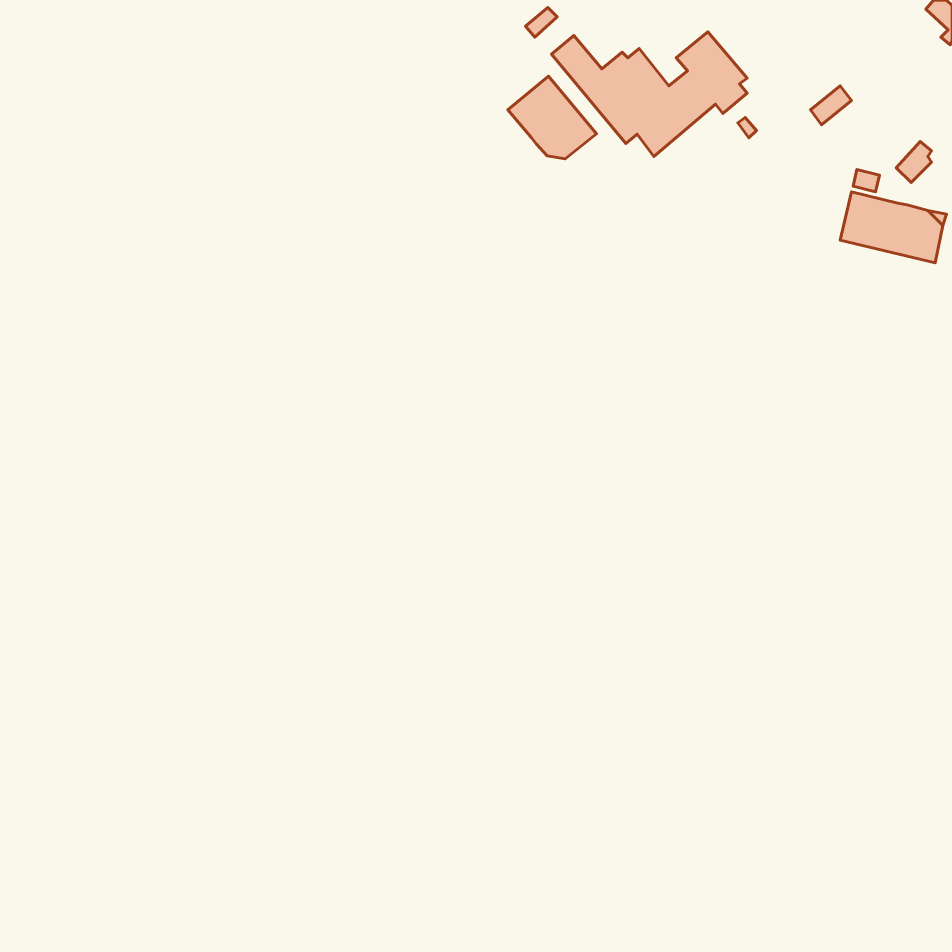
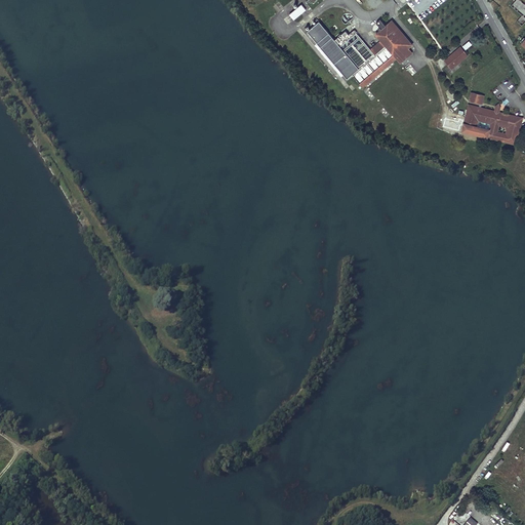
building: [508,76,597,159] -> none

